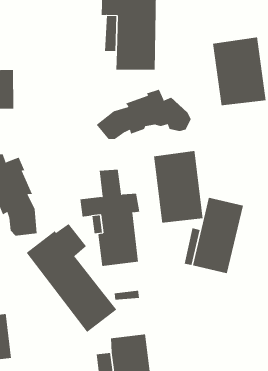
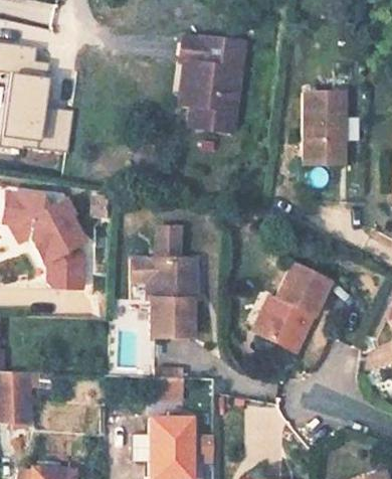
building: [96,89,192,140] -> none
building: [154,150,203,224] -> none
building: [26,223,117,333] -> none

